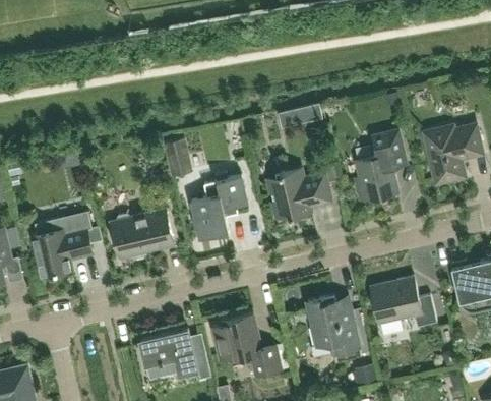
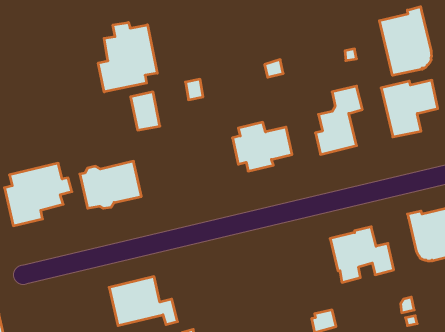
building: none -> [379,7,431,75]
building: none -> [98,22,157,92]
building: [190,175,247,239] -> none
building: [307,295,359,354] -> none
building: [210,314,283,376] -> none

